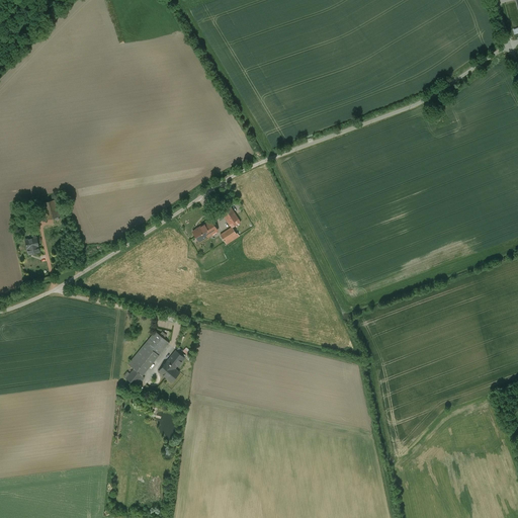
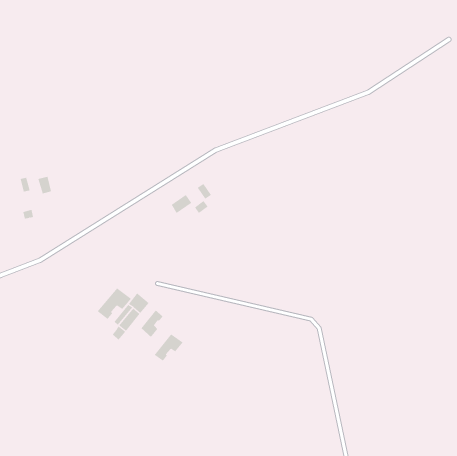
building: none -> [97,288,132,320]
building: none -> [154,333,184,362]

